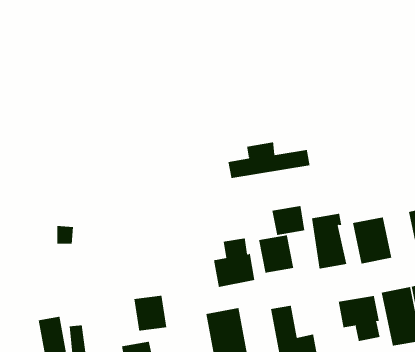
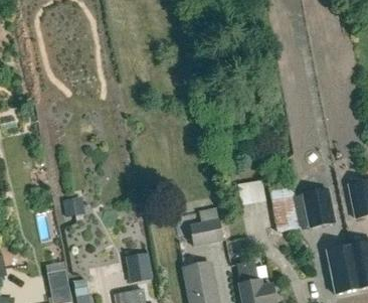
building: [228,141,310,179] -> none
building: [258,234,294,274] -> none
building: [338,295,380,342] -> none

